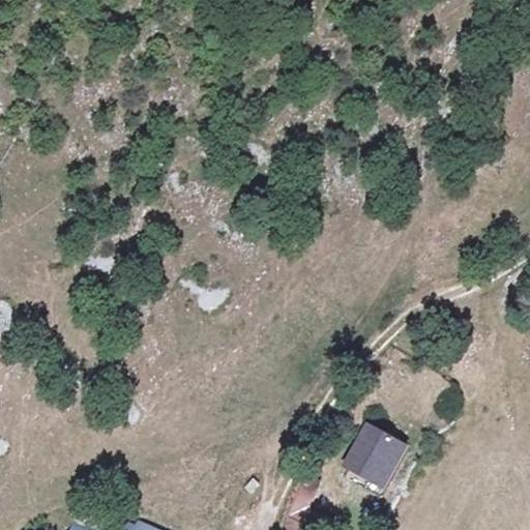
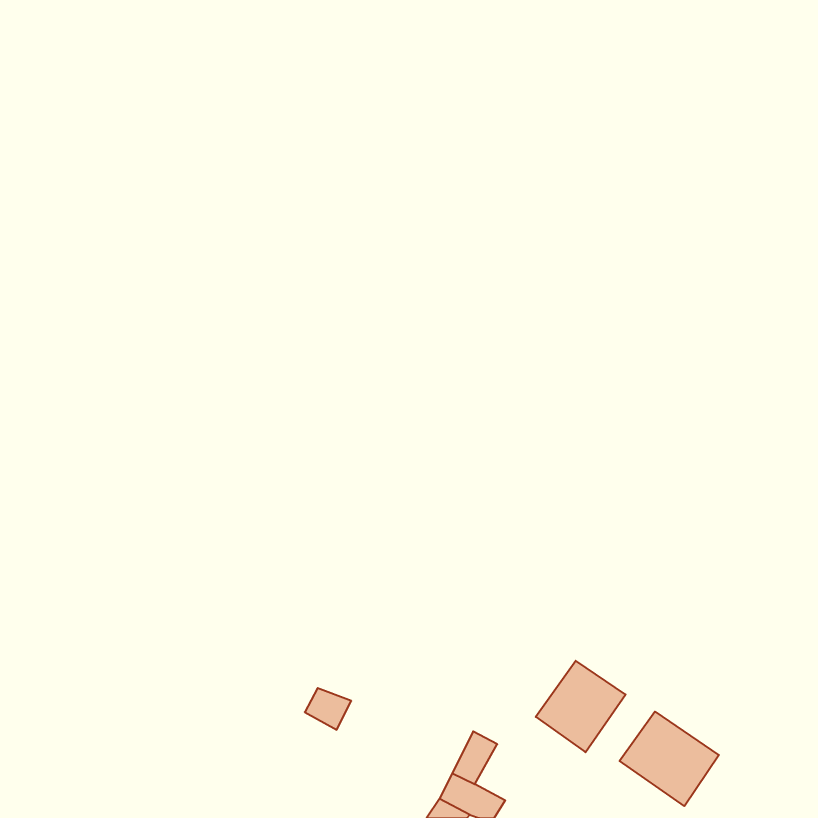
building: none -> [620,712,719,806]

